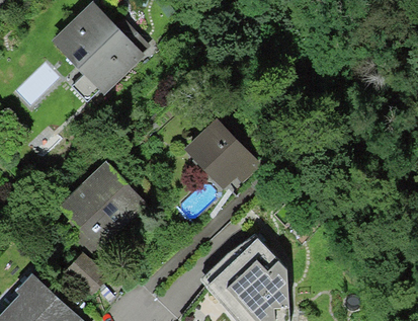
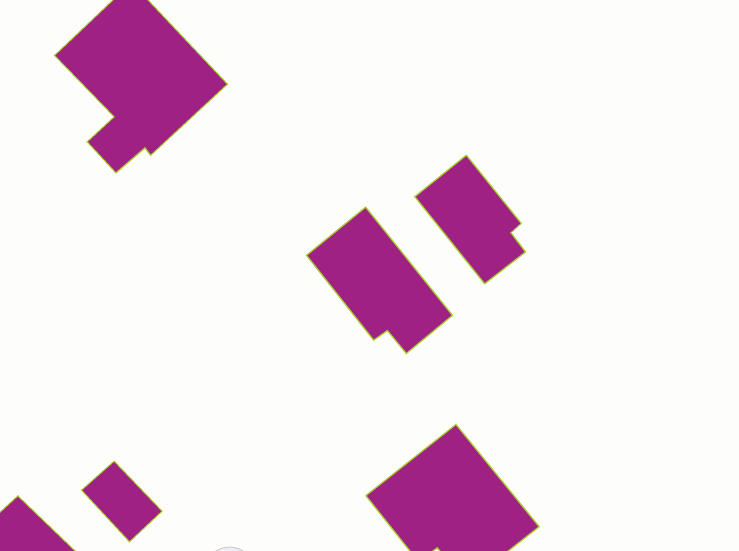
building: none -> [415,155,526,284]
building: [57,162,144,249] -> none

